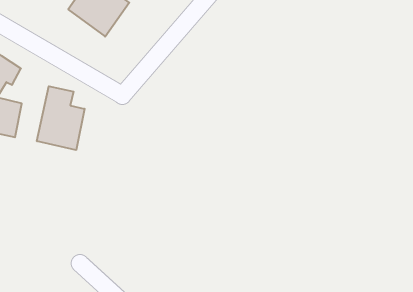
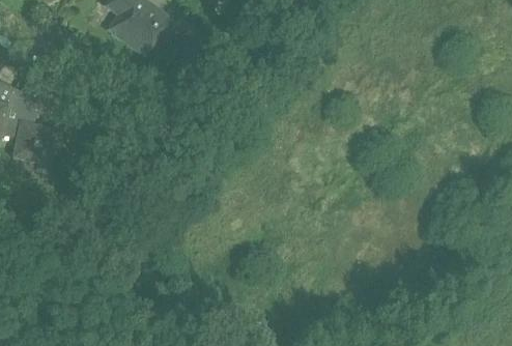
building: [37,86,85,150] -> none

